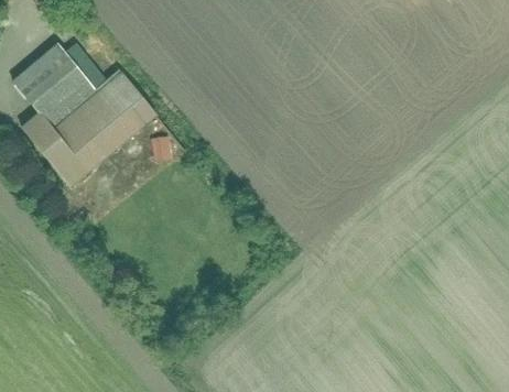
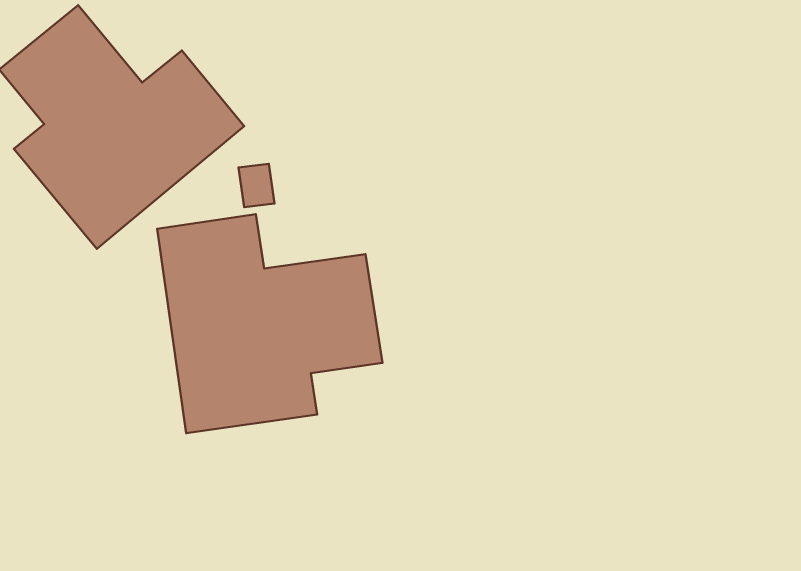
building: none -> [157,214,382,433]

